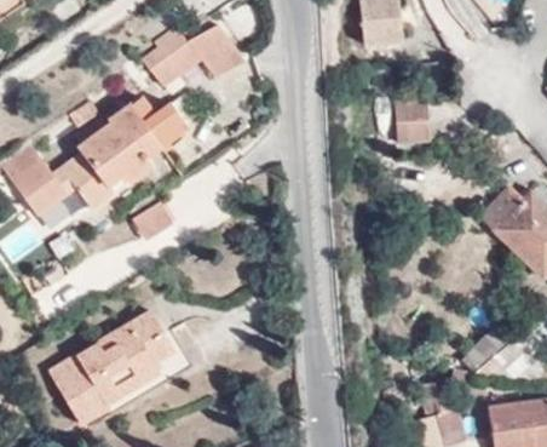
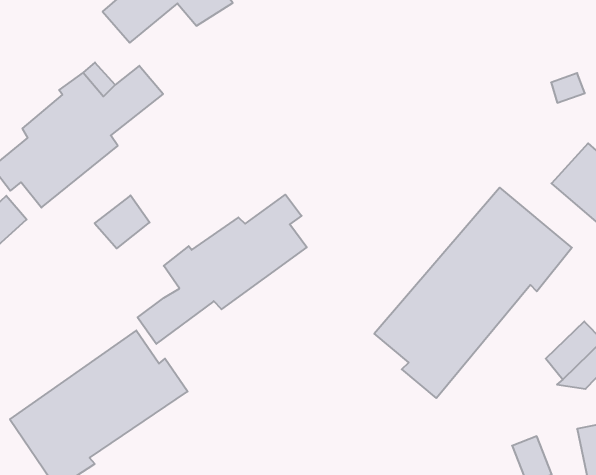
building: [395,99,431,143] -> none
building: none -> [138,195,307,344]
building: none -> [374,188,572,398]

